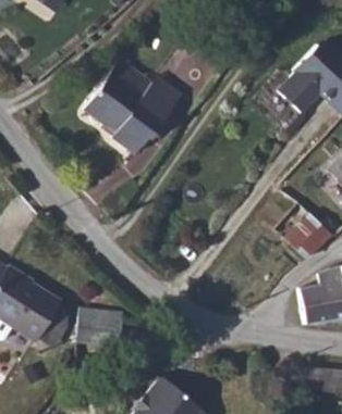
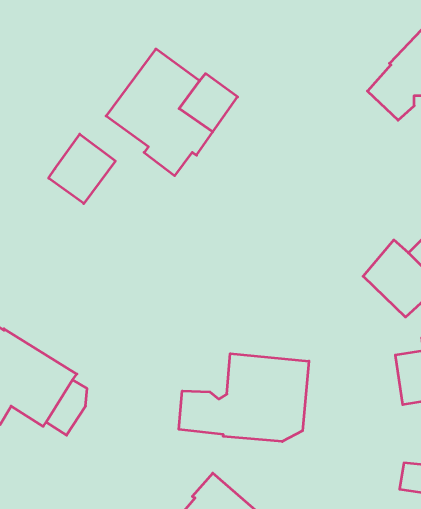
building: none -> [49,134,115,204]
building: none -> [179,354,309,442]
building: [76,306,123,346] -> none

